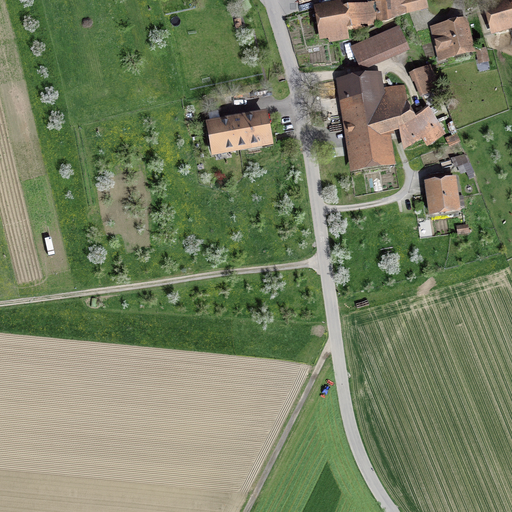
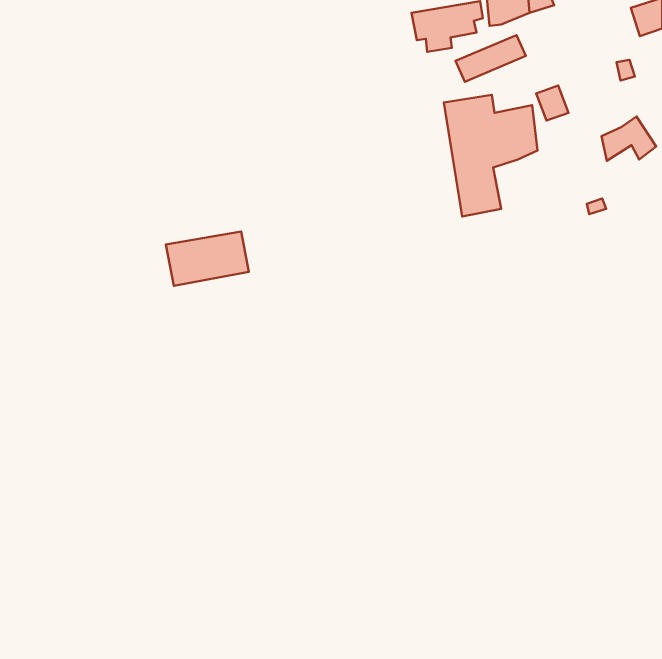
building: [432,21,468,54] -> none
building: [399,108,441,142] -> [602,117,656,161]
building: [207,111,271,153] -> [166,231,249,286]
building: [423,164,454,212] -> none

